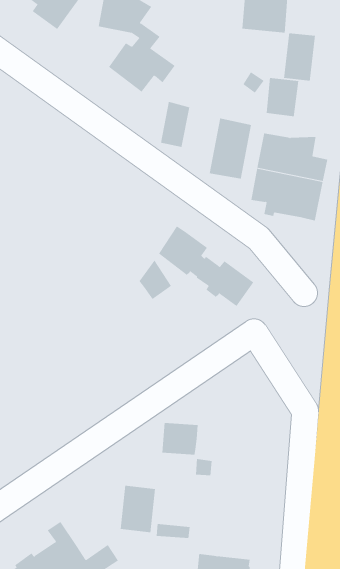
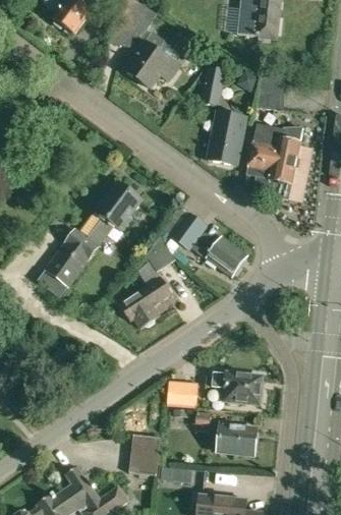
building: [283,32,316,82] -> none
building: [160,101,190,148] -> [200,65,226,106]
building: none -> [43,183,139,287]
building: none -> [119,277,172,328]
building: none -> [213,371,262,404]
building: none -> [217,421,257,455]

